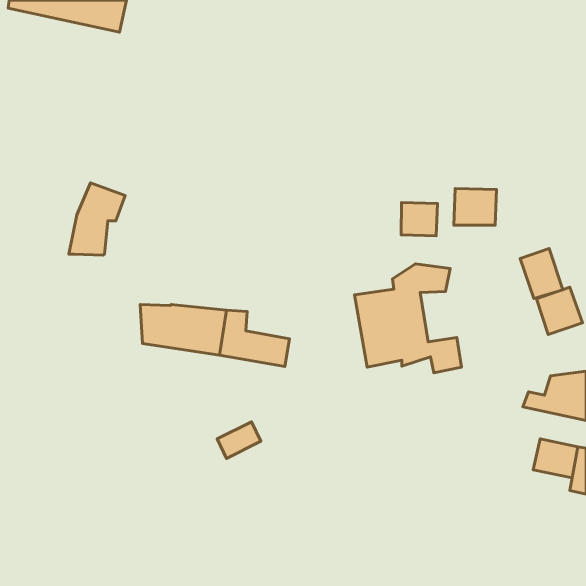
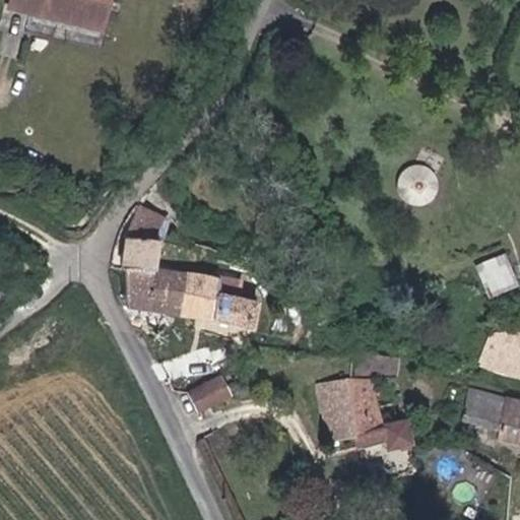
building: [69,183,125,255] -> [120,207,170,271]
building: [401,202,437,236] -> none
building: [520,248,563,299] -> none
building: [355,264,462,373] -> [318,354,412,451]

